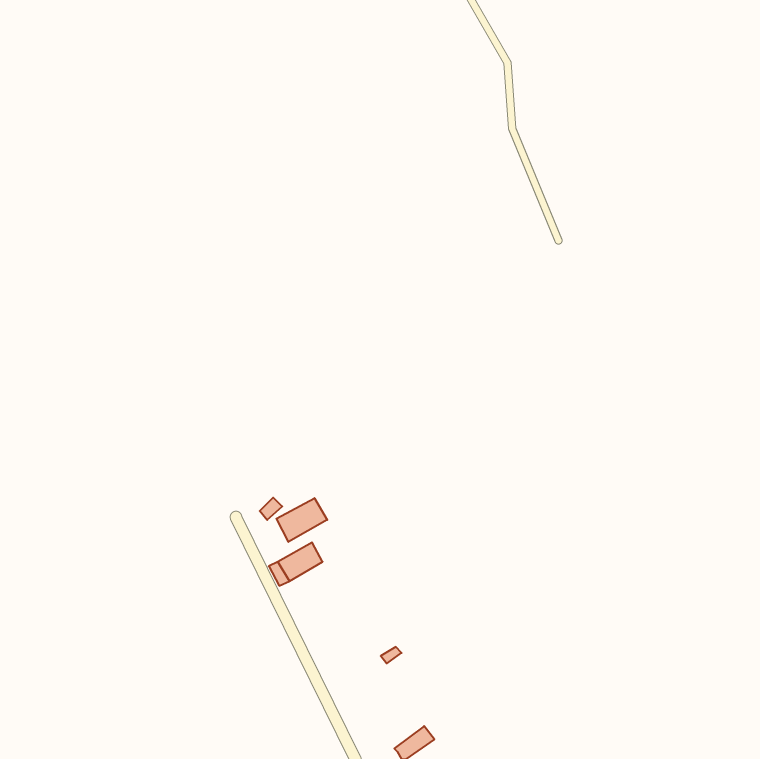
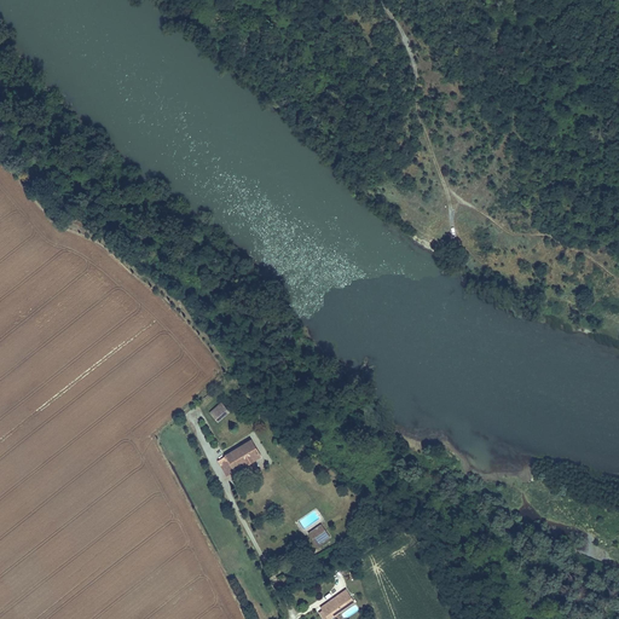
building: [276,498,327,542] -> none

